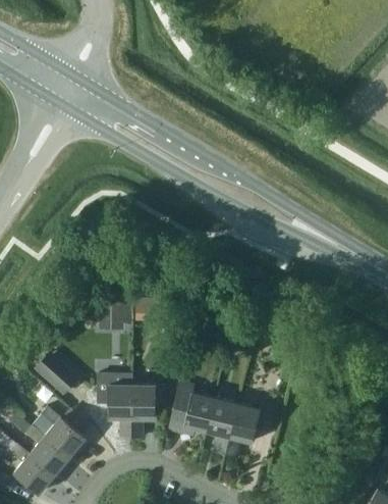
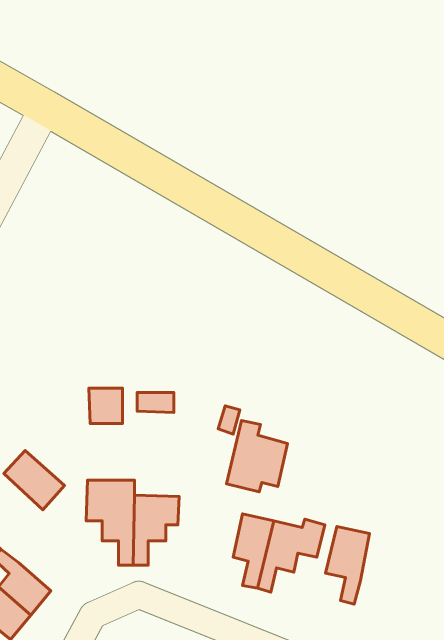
building: [168,381,214,435] -> [227,420,287,492]
building: [41,405,86,456] -> none
building: none -> [326,526,370,604]

